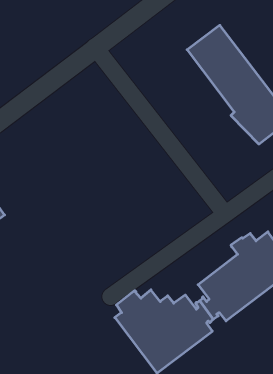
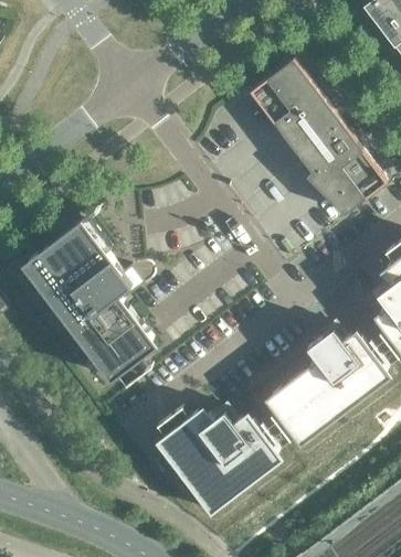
building: none -> [22,221,156,385]

